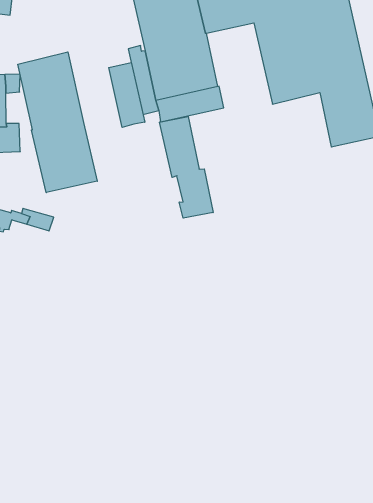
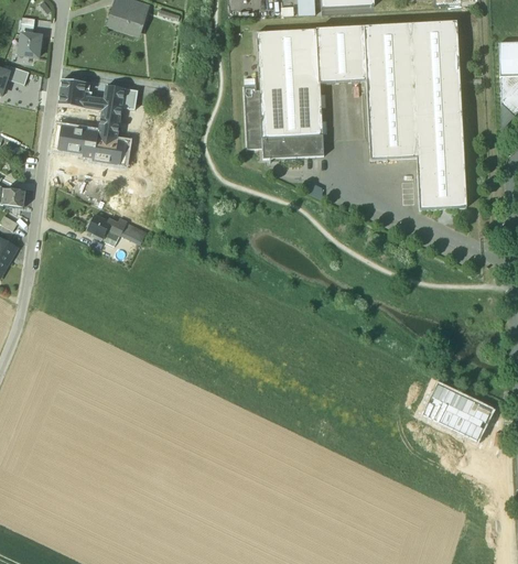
building: [18,52,97,193] -> none
building: [109,62,145,127] -> none
building: [160,117,213,218] -> none

